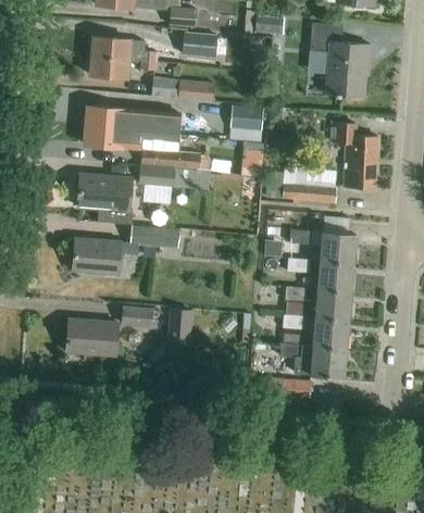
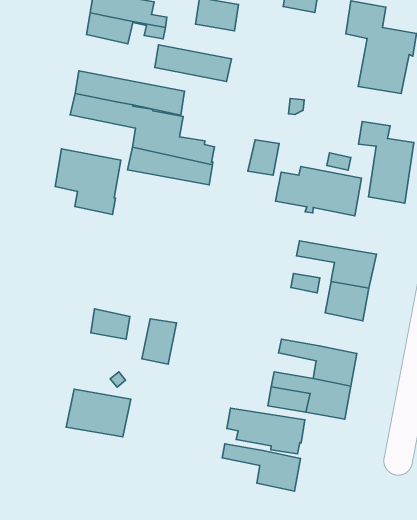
building: [230,107,263,130] -> none
building: [73,226,179,274] -> none
building: [285,287,351,321] -> [222,444,300,491]
building: [66,320,119,355] -> [66,389,131,437]

